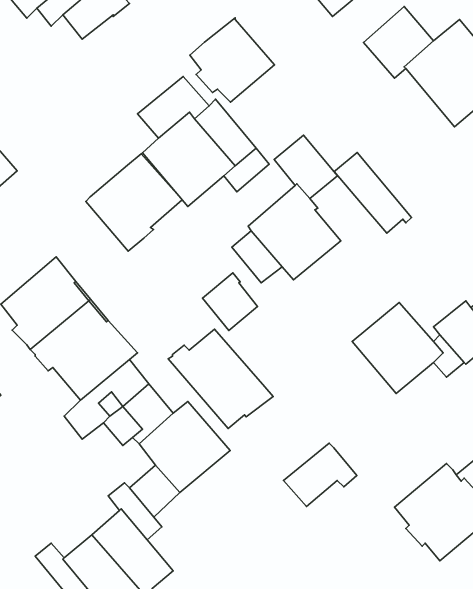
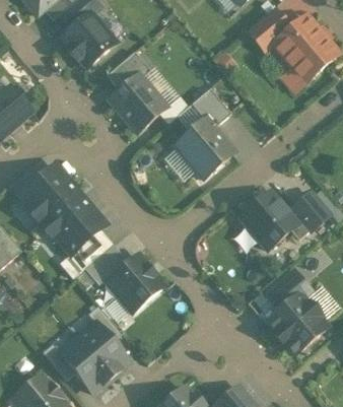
building: [190,18,274,102] -> [62,12,115,65]
building: [334,153,412,233] -> none
building: [86,154,182,251] -> none
building: [203,273,258,331] -> none
building: [168,329,273,429] -> none
building: [284,443,357,506] -> [265,269,311,309]

